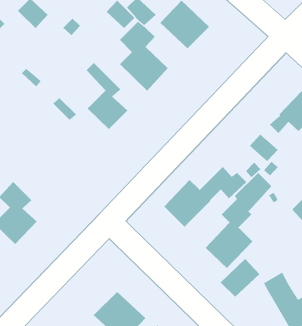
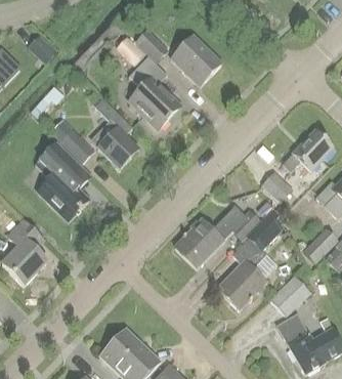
building: none -> [34,143,90,221]
building: [220,258,260,298] -> [269,276,310,315]

